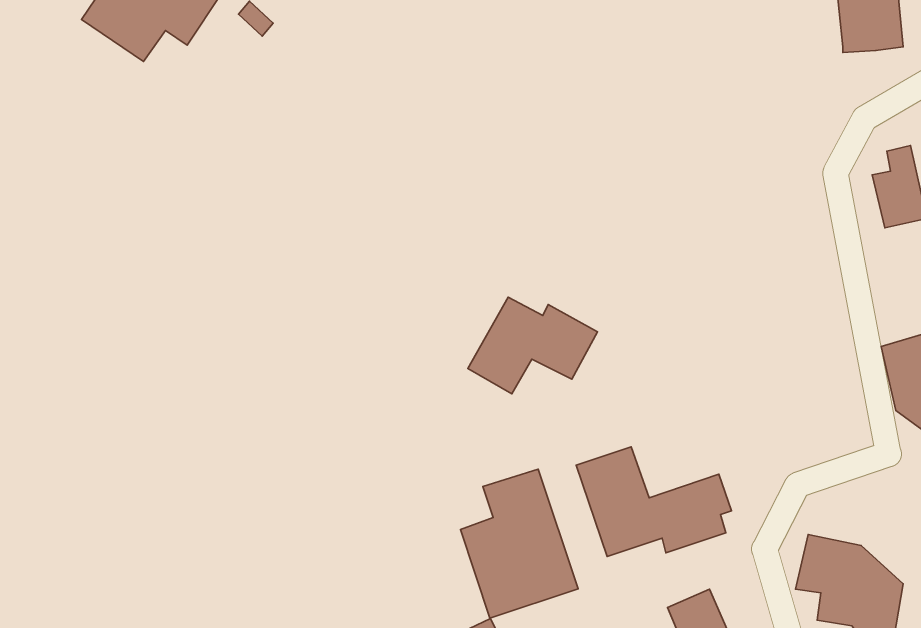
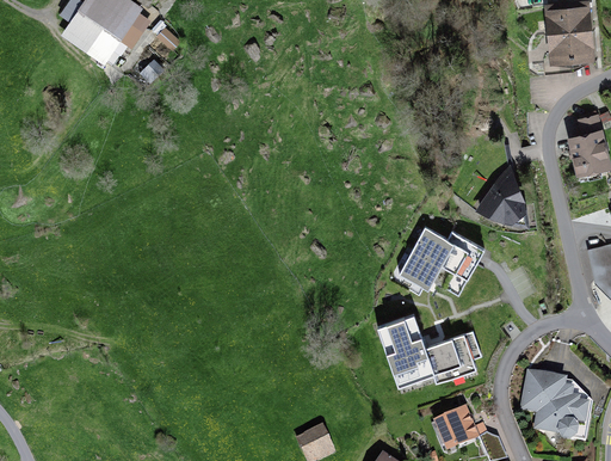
building: none -> [543,51,575,72]
building: none -> [476,165,526,220]
building: [468,297,598,394] -> [400,225,485,288]
building: [460,469,578,618] -> none

